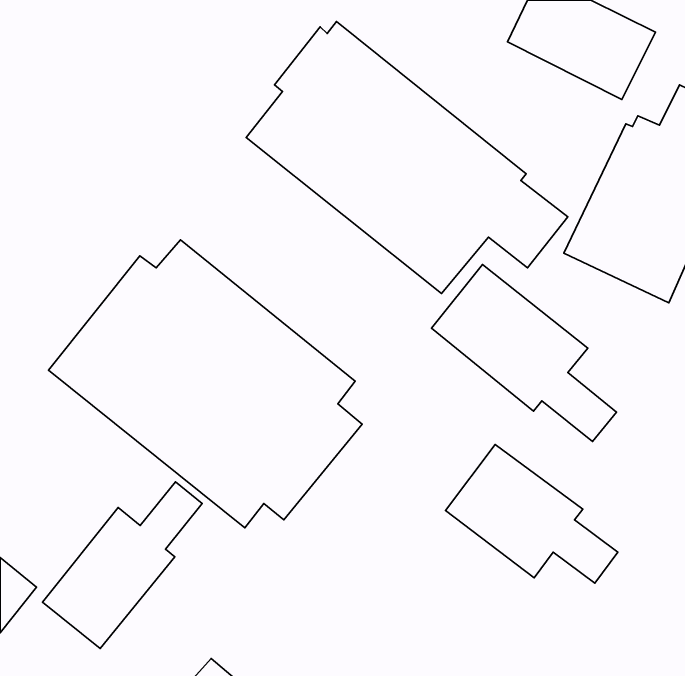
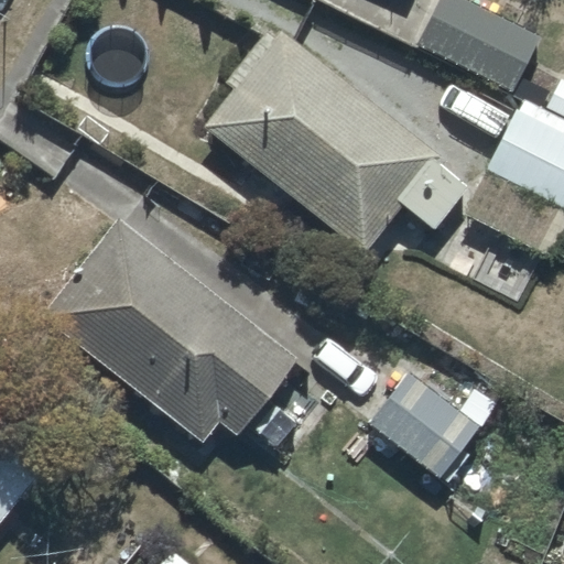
building: [432,264,617,442] -> none
building: [42,482,202,648] -> none

